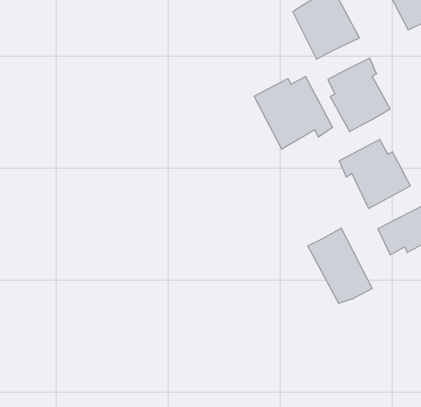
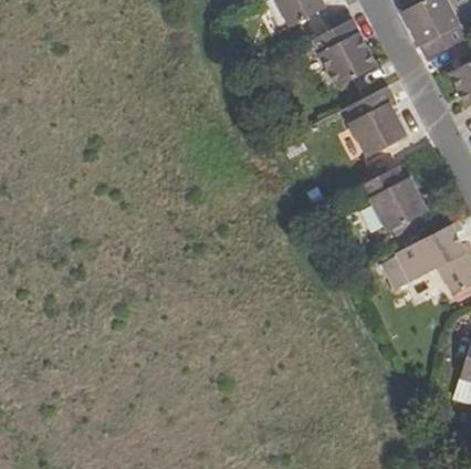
building: [254,77,333,149] -> none
building: [308,228,372,304] -> none

